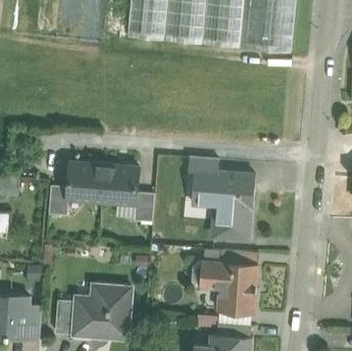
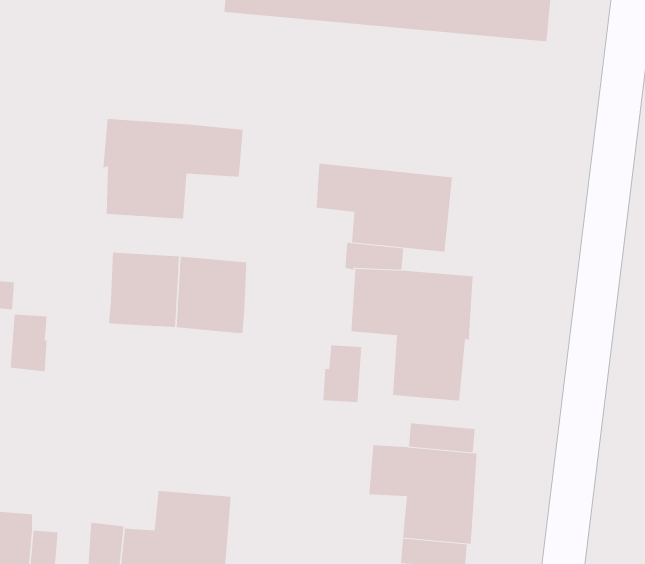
building: none -> [103,118,243,219]
building: none -> [316,163,453,252]
building: [49,186,68,215] -> [10,314,48,372]
building: [134,192,154,221] -> [322,345,362,402]

